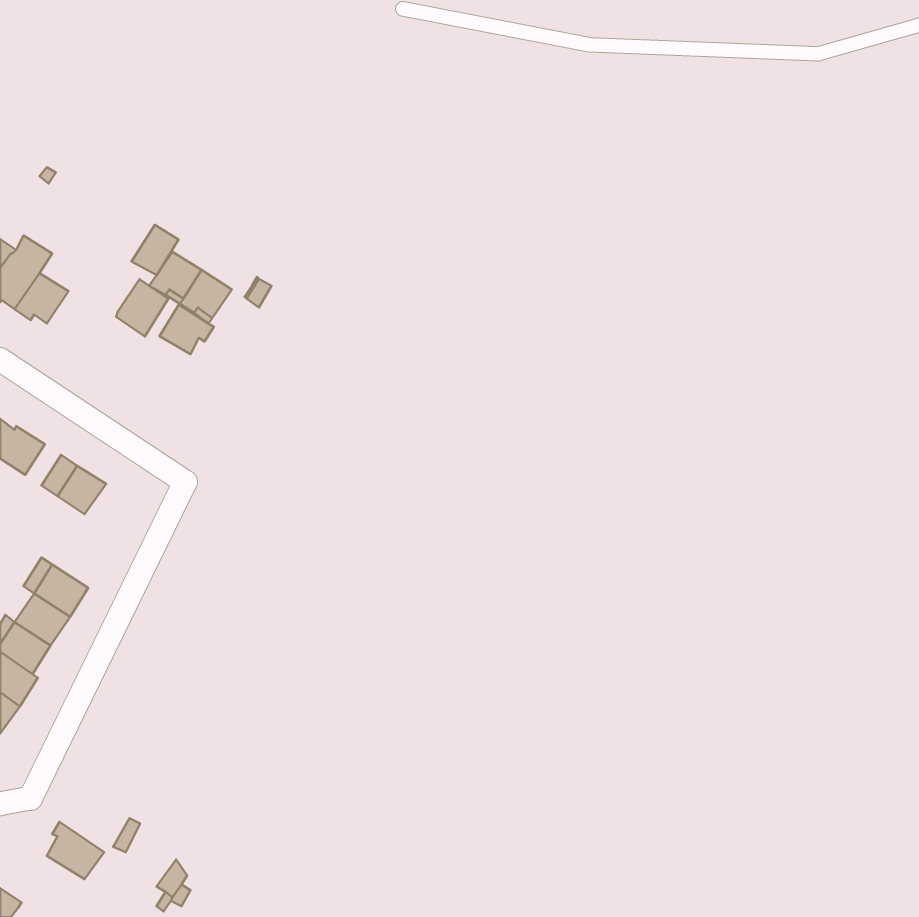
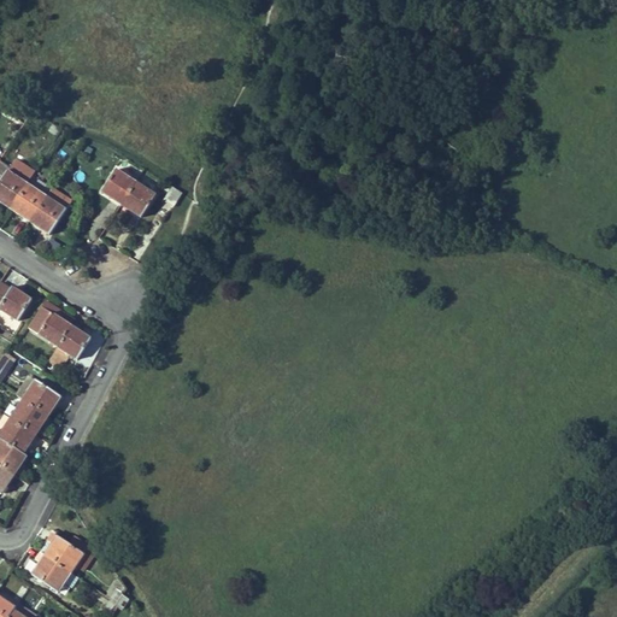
building: [131,225,178,275] -> none
building: [116,279,168,337] -> [30,195,65,234]
building: [159,305,214,354] -> none
building: none -> [48,324,89,368]
building: none -> [40,533,82,571]

